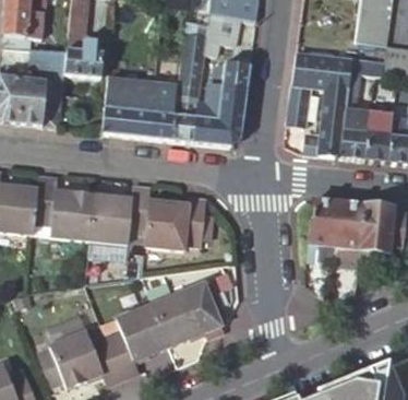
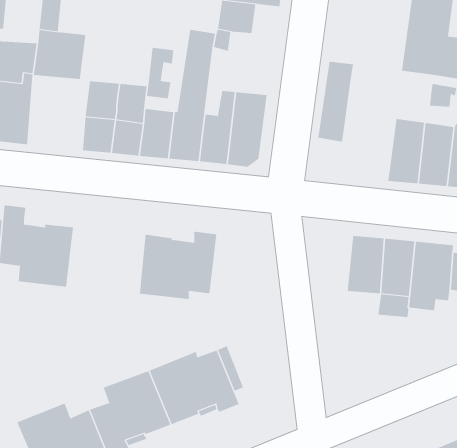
building: [209,59,249,87] -> none
building: [301,63,350,155] -> none
building: [88,184,151,242] -> none

